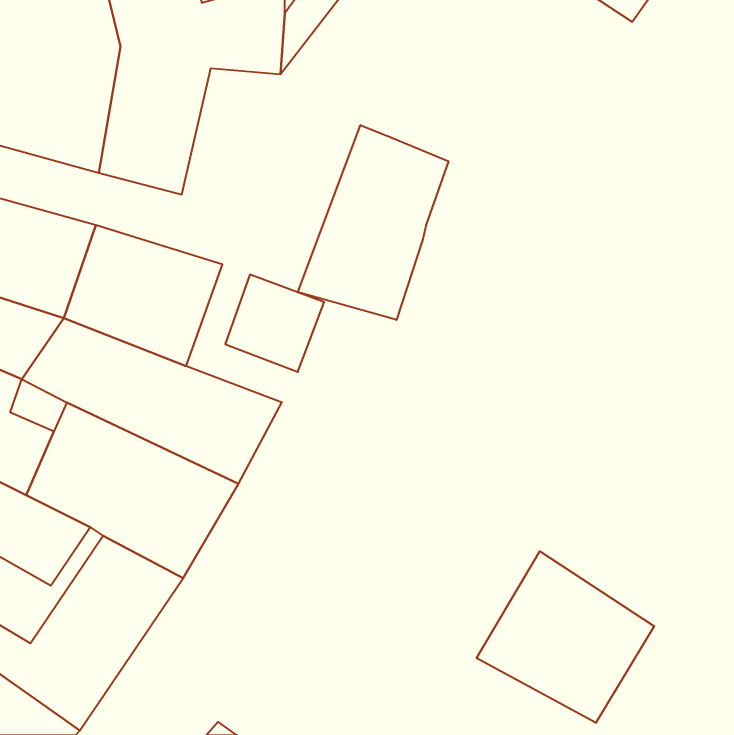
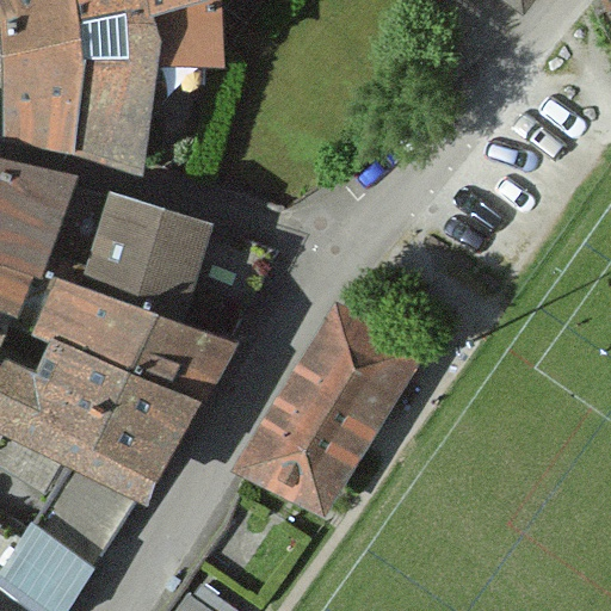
building: [298,125,448,320] -> none
building: none -> [235,314,414,524]
building: [477,551,654,723] -> none

